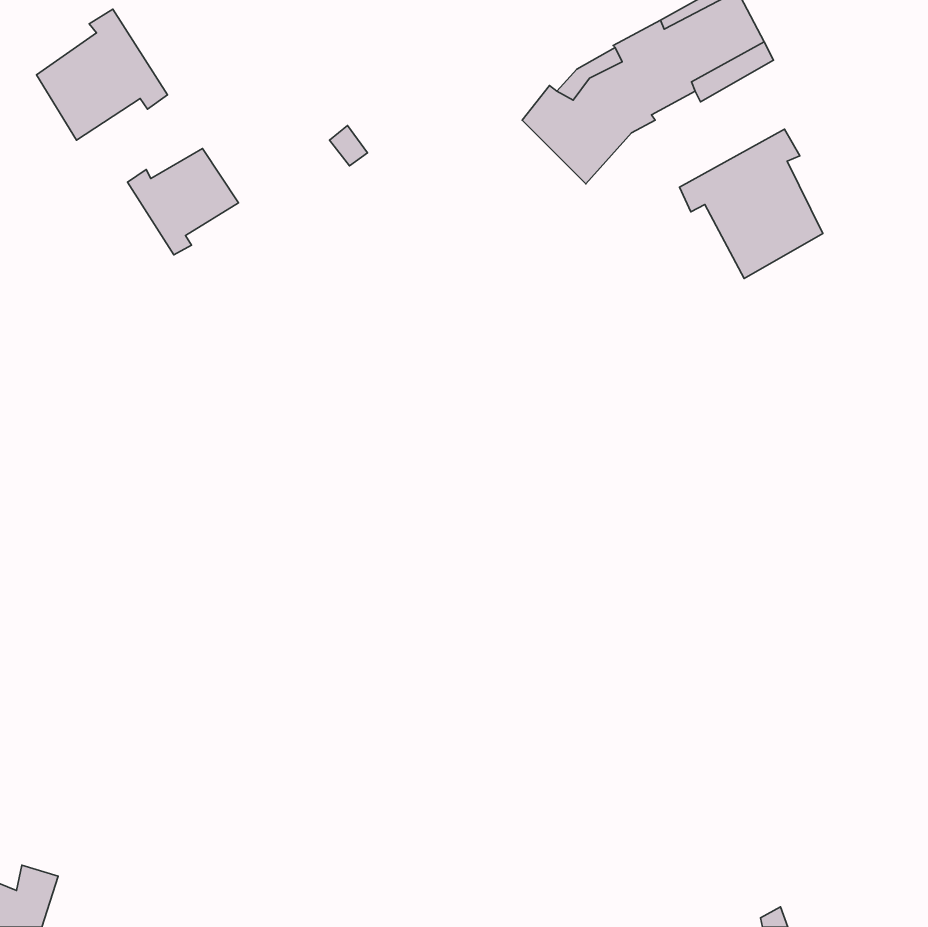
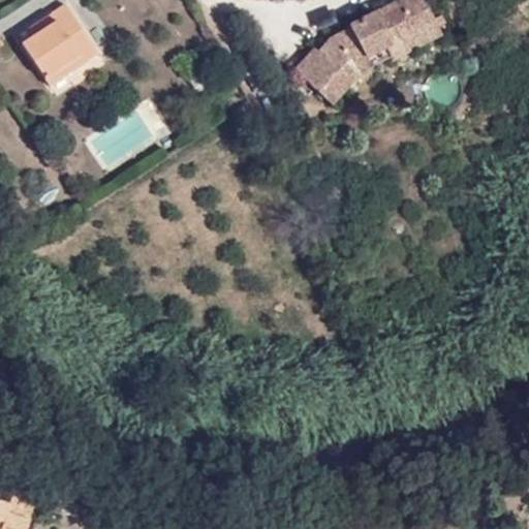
building: [679,129,823,279] -> none
building: [127,148,239,255] -> none

